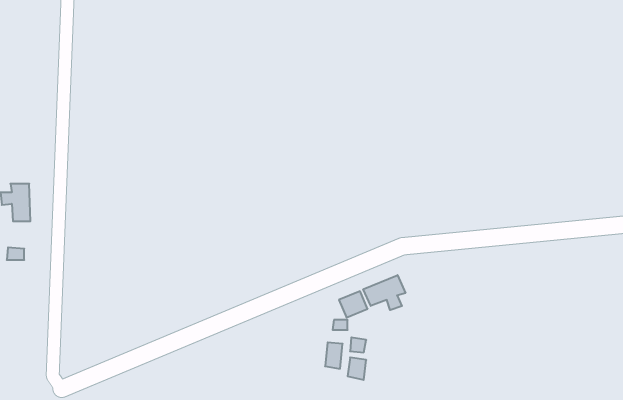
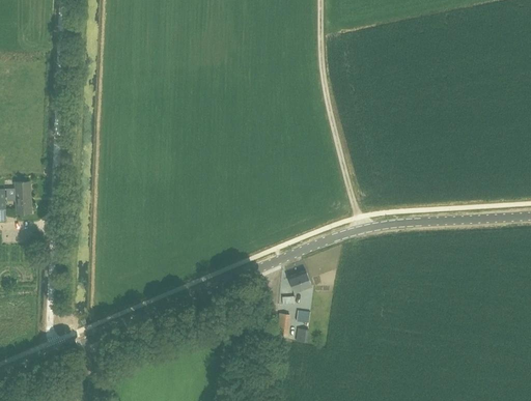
building: [363,275,405,310] -> none

